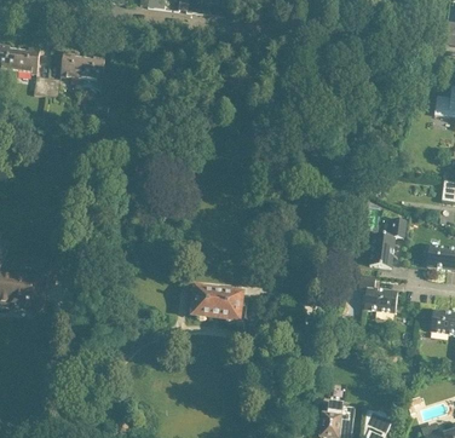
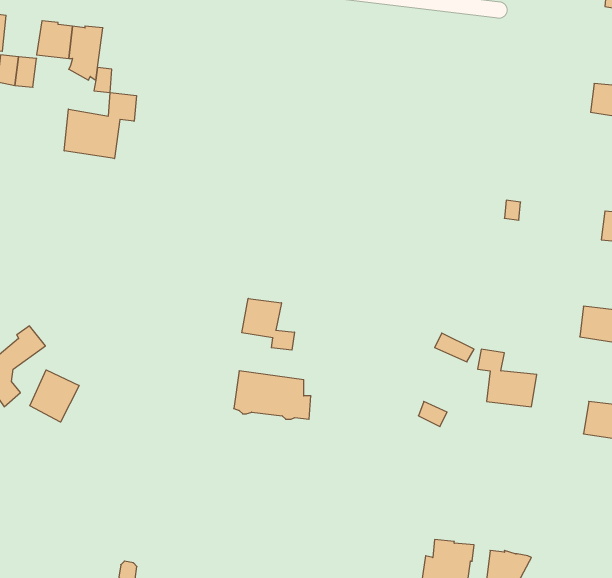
building: none -> [64,93,136,159]
building: [369,217,407,266] -> none
building: none -> [242,298,294,350]
building: none -> [30,370,79,422]

